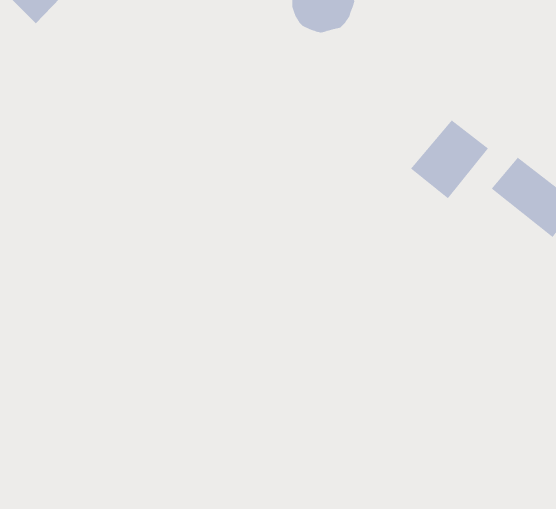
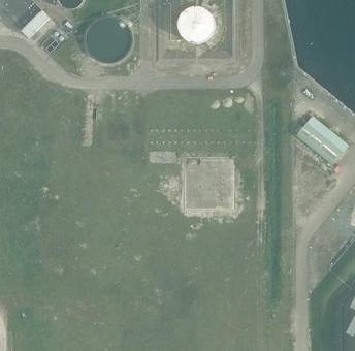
building: [410,119,489,199] -> none

